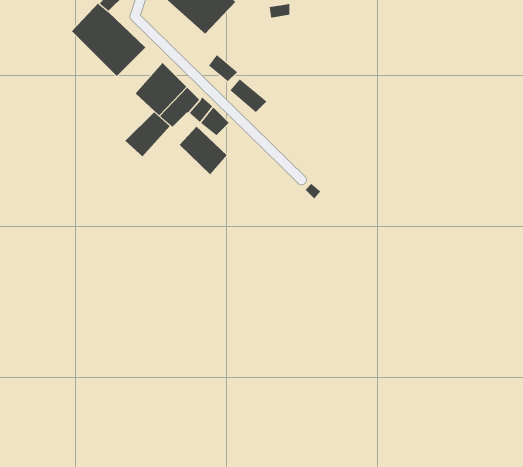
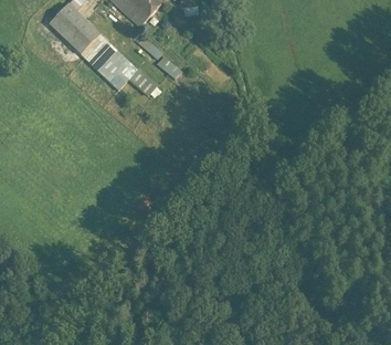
building: [125,111,170,157] -> [80,34,110,65]
building: [179,126,228,175] -> none

